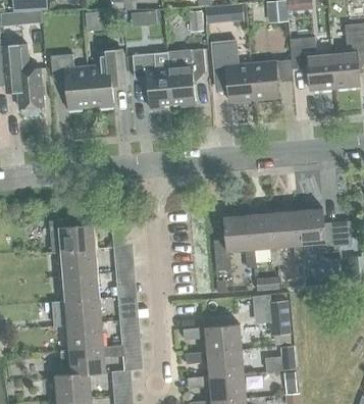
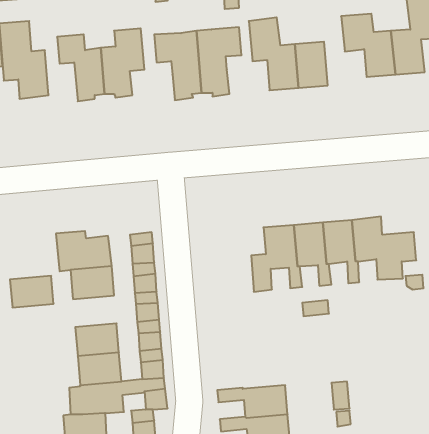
building: [63,273,100,300] -> [10,276,54,307]
building: [267,301,291,335] -> none
building: [183,323,242,352] -> none

